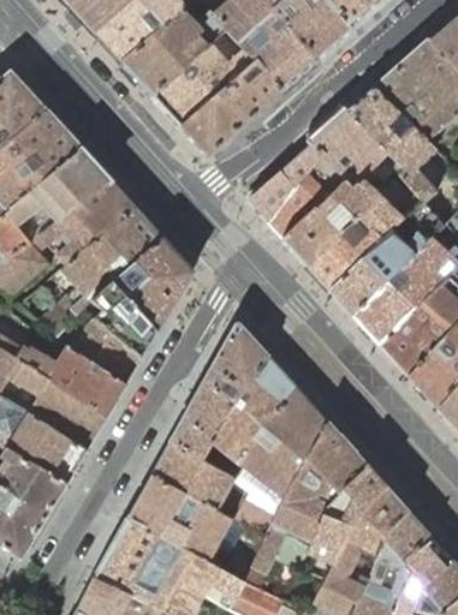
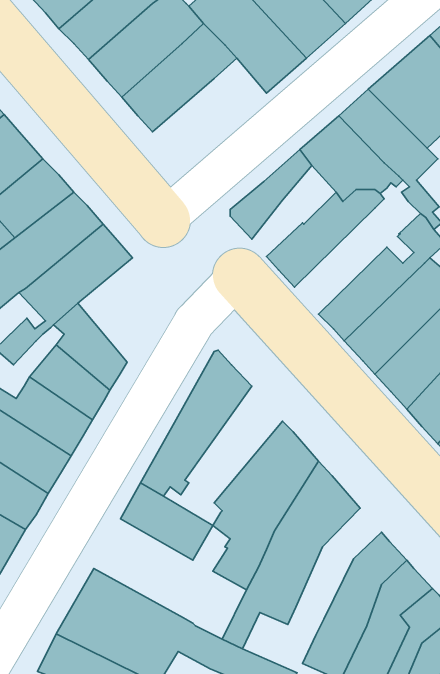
building: [179,59,281,154] -> none
building: [268,155,344,237] -> none
building: [307,168,410,288] -> none
building: [112,238,192,332] -> none
building: [189,353,296,478] -> none
building: [308,462,385,562] -> none
building: [126,472,231,568] -> none

